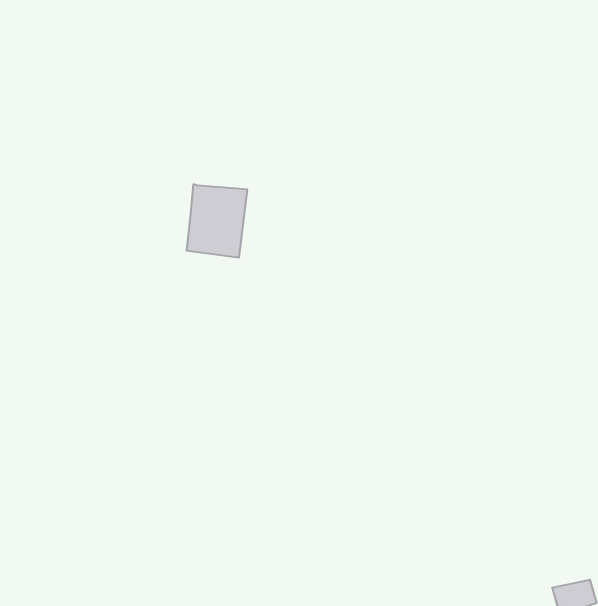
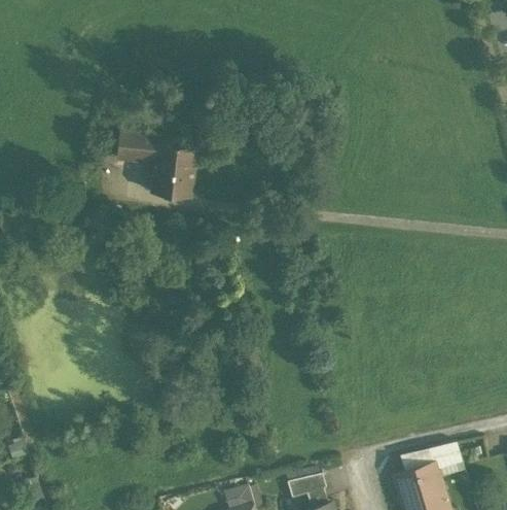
building: none -> [117,130,160,164]

